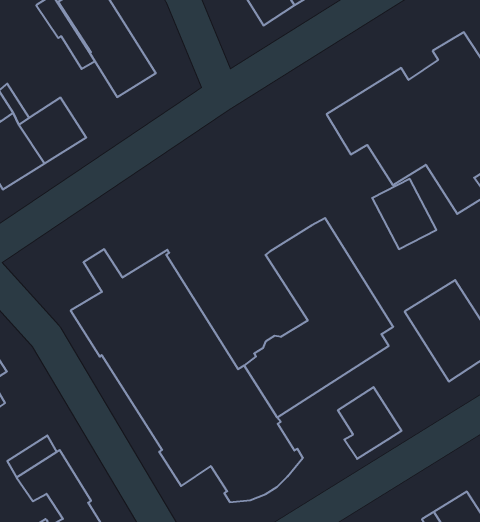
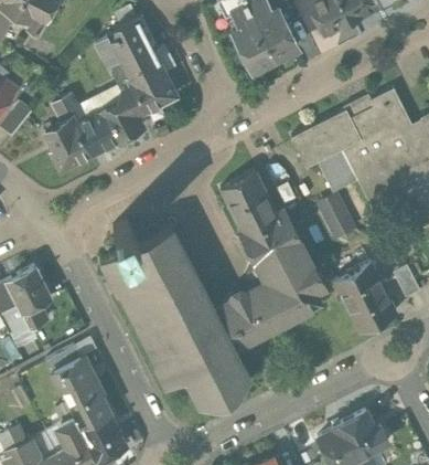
building: none -> [106,86,146,139]
building: none -> [222,172,274,231]
building: [338,387,401,459] -> none

